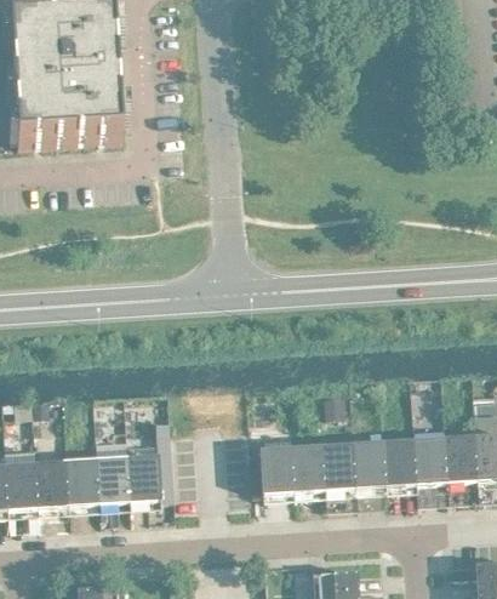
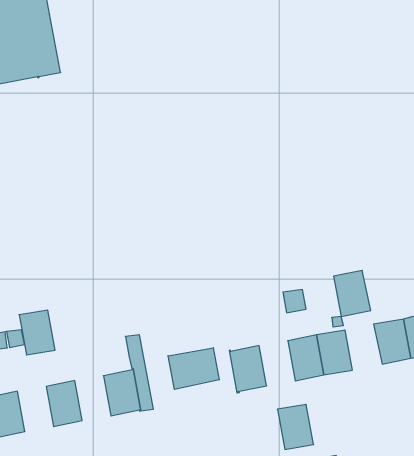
building: [381,439,415,484] -> [334,270,371,316]
building: none -> [168,348,219,389]
building: [290,445,322,489] -> [277,404,314,449]
building: [95,457,127,501] -> none
building: [34,461,67,504] -> [19,310,55,355]

